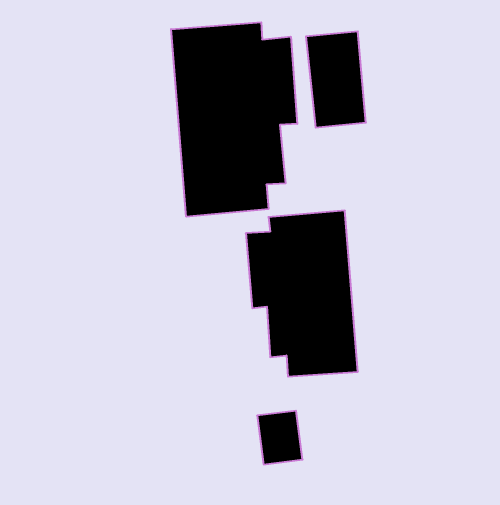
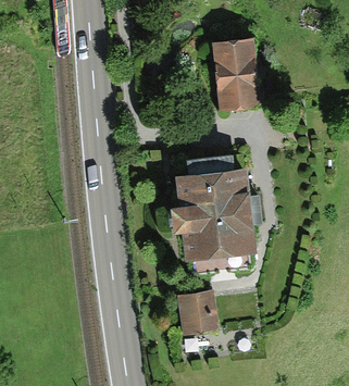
building: [171,22,297,217] -> none

